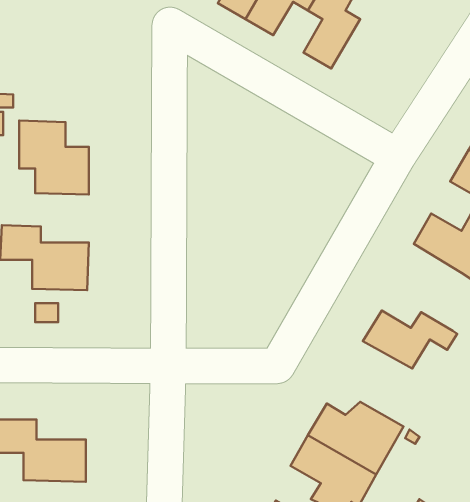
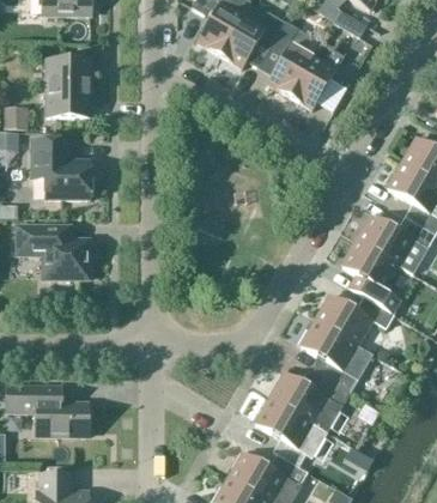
building: none -> [290,48,344,109]
building: none -> [47,57,91,116]
building: none -> [342,240,399,311]
building: none -> [302,320,372,390]

